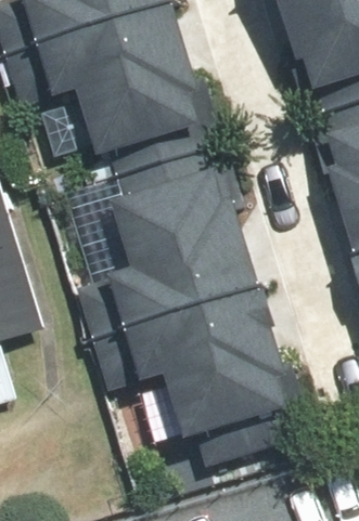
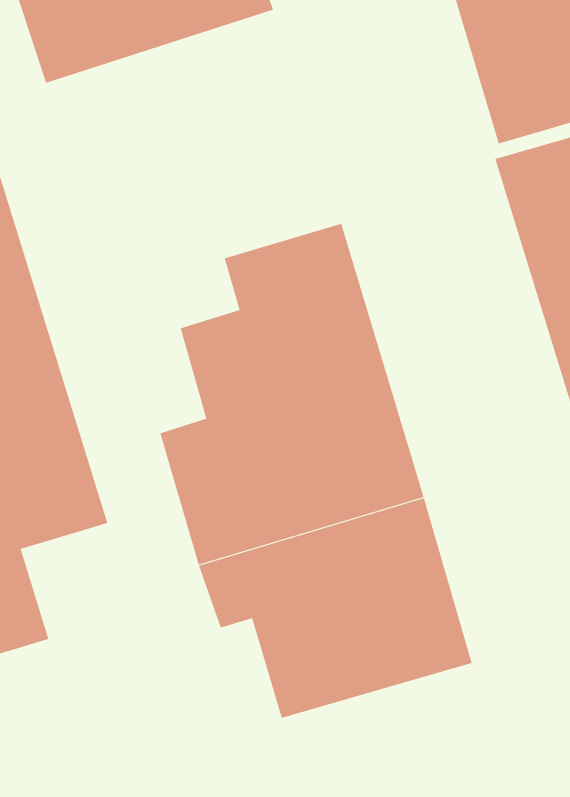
building: [37,18,200,147] -> none

